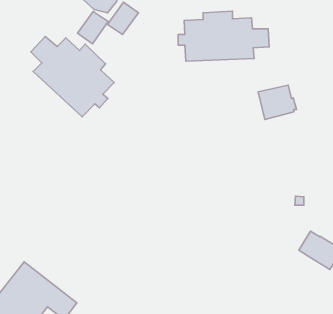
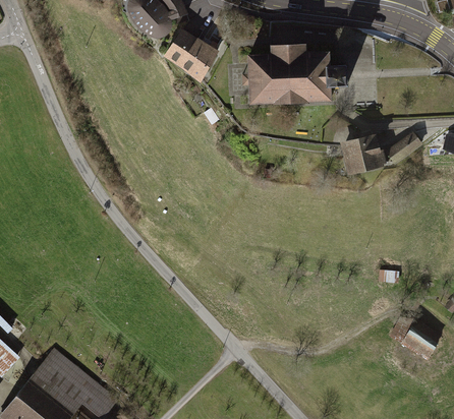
building: [77,11,108,44] -> [174,44,212,83]
building: [31,37,114,117] -> none
building: none -> [386,128,423,162]

